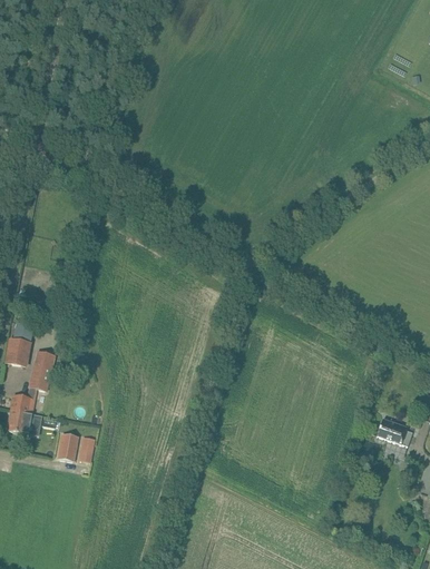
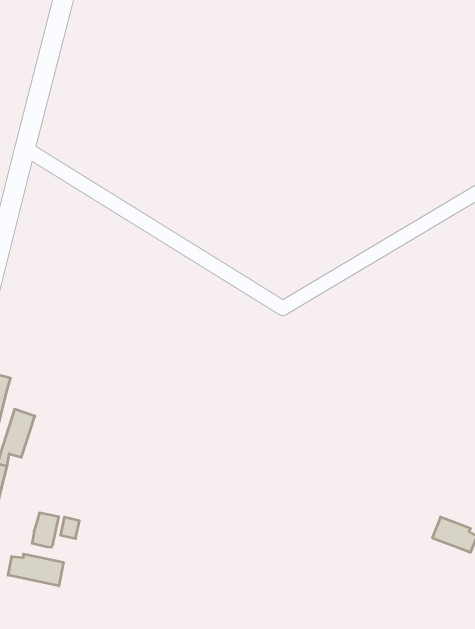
building: none -> [8,554,63,586]

